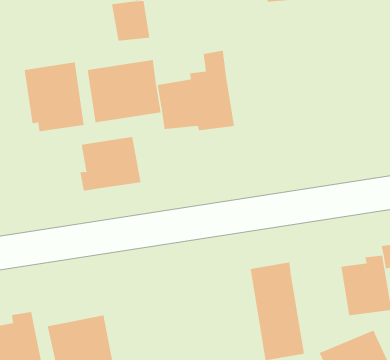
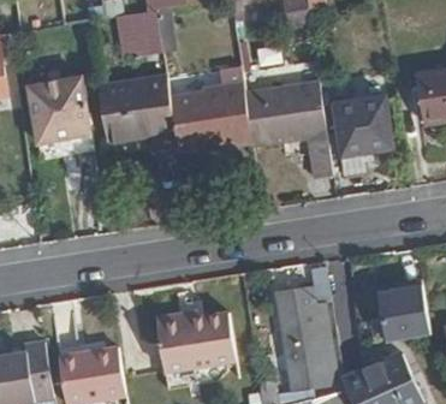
building: none -> [245,82,335,179]
building: none -> [335,95,394,155]
building: [80,136,141,191] -> none
building: none -> [155,313,237,374]

